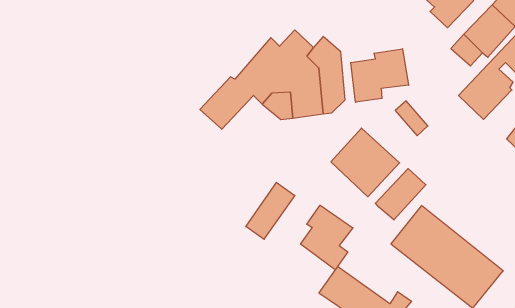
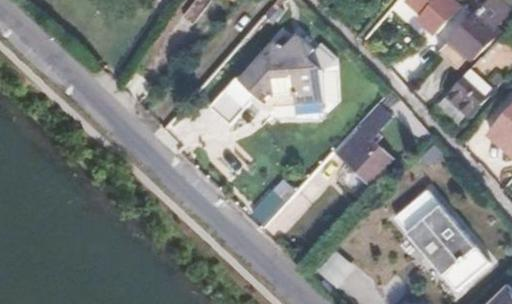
building: [351,49,409,102] -> none
building: [375,169,426,220] -> none
building: [301,205,353,270] -> none

